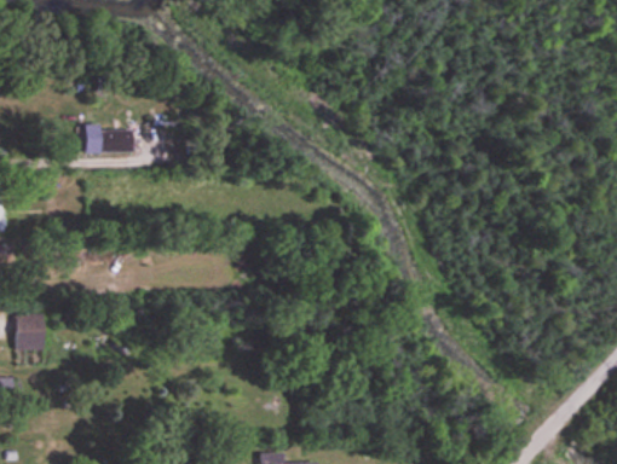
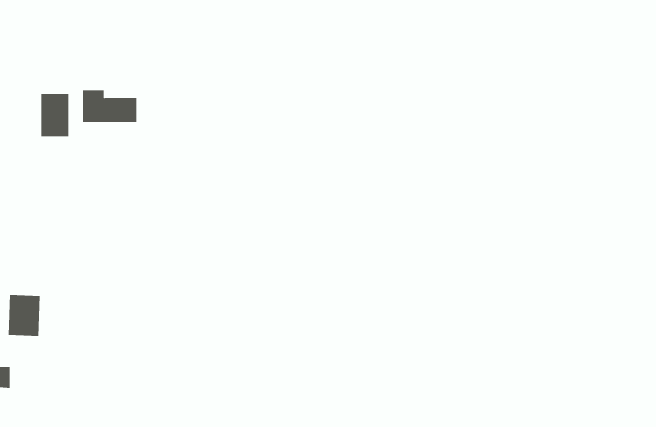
building: none -> [41,93,69,137]

